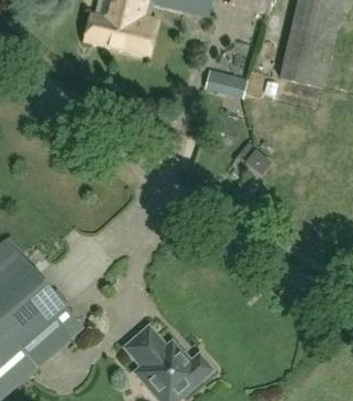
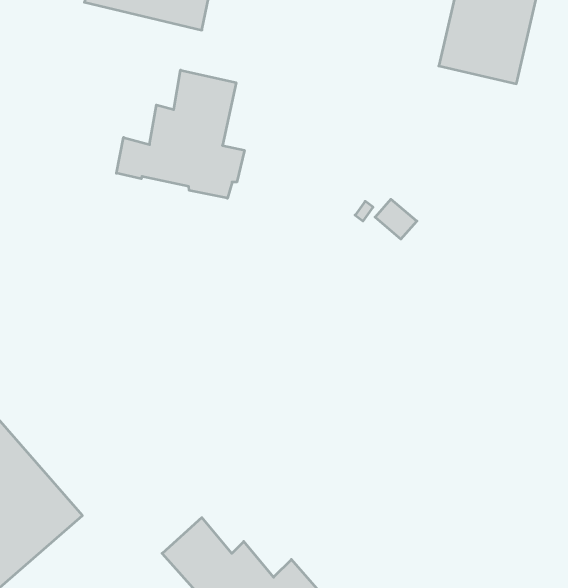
building: [204,71,246,98] -> none
building: none -> [116,70,244,198]

